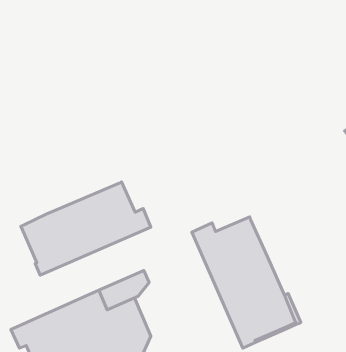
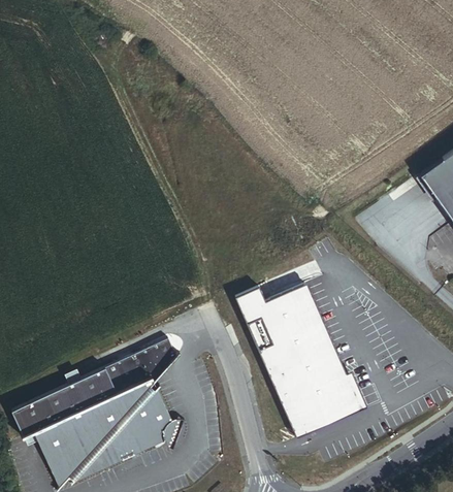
building: [21,182,151,275] -> none

